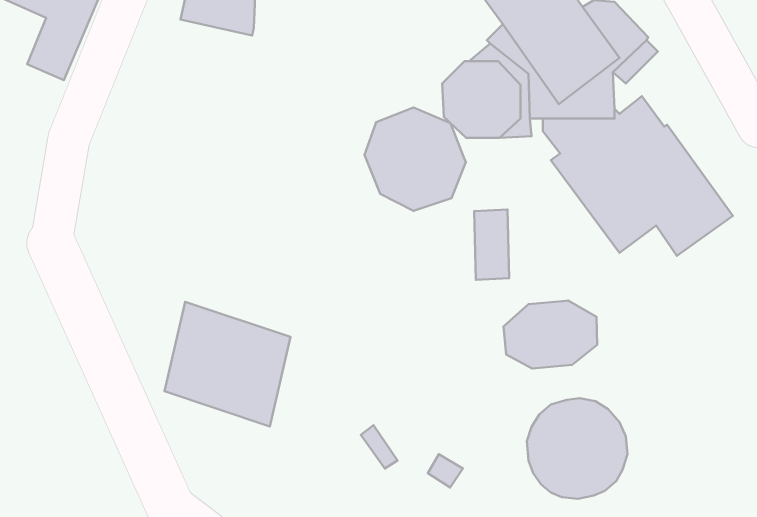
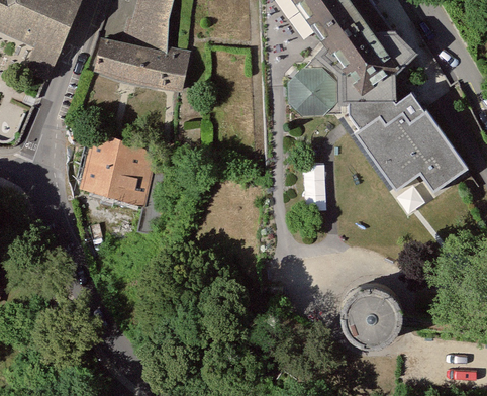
building: none -> [92,37,190,94]
building: [365,107,466,211] -> none
building: [504,301,597,368] -> none
building: [164,302,291,426] -> [79,131,159,210]

